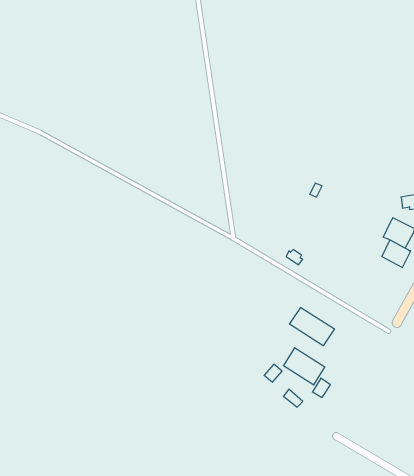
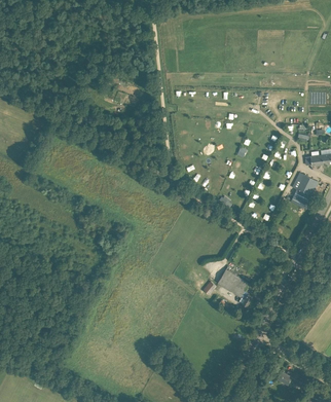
building: [290,307,334,346] -> none

